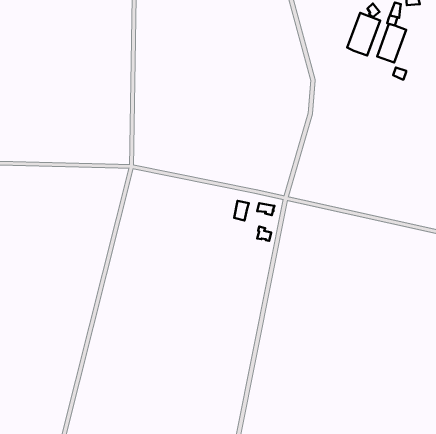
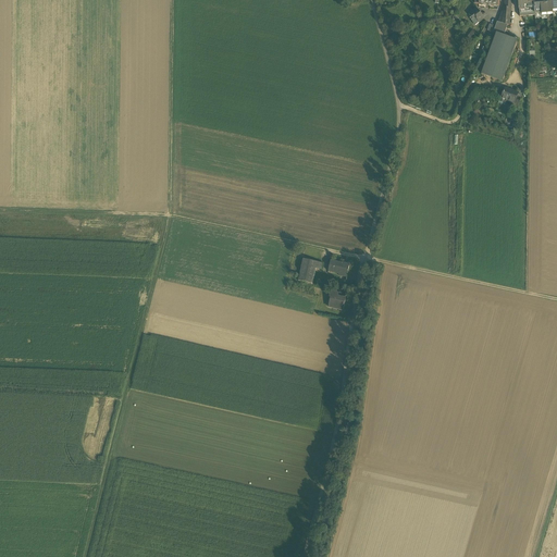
building: [347,13,380,55] -> none

